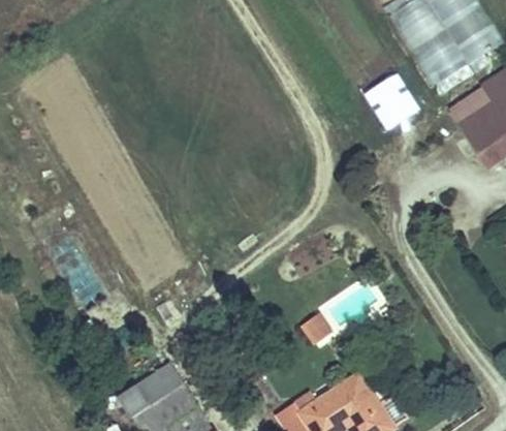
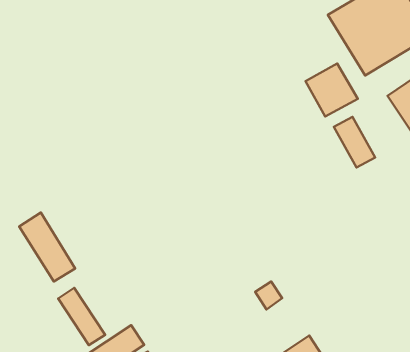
building: none -> [334,117,375,168]
building: none -> [58,288,105,345]

